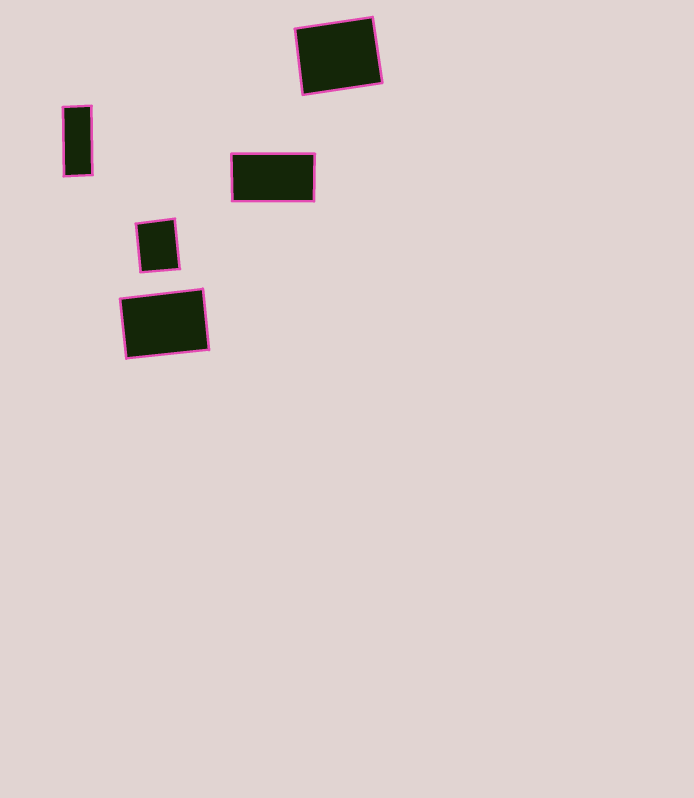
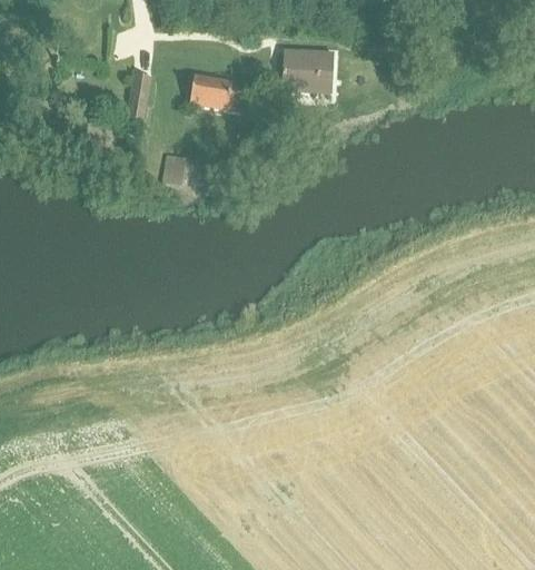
building: [231,154,315,201] -> [188,73,244,111]
building: [120,289,209,359] -> none

